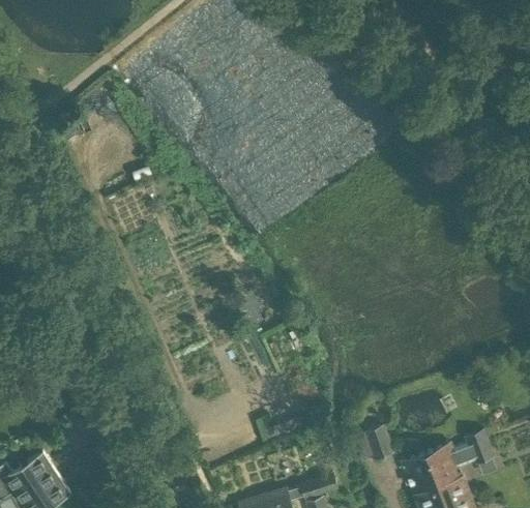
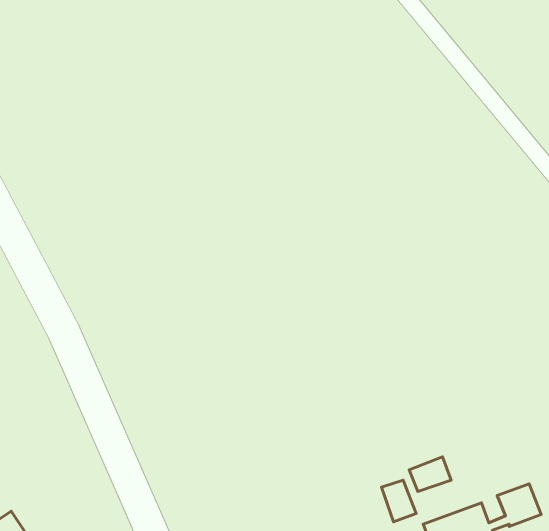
building: none -> [409,457,451,492]

